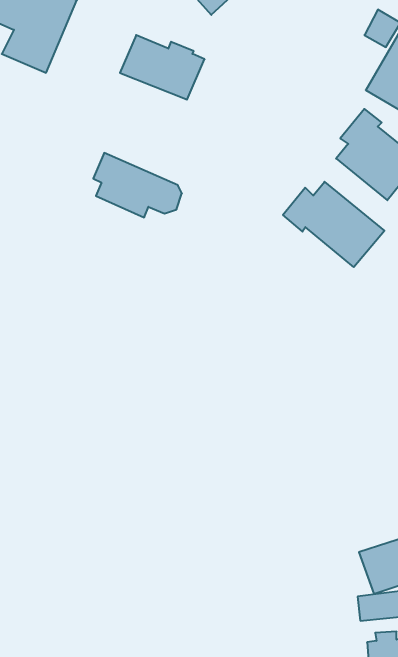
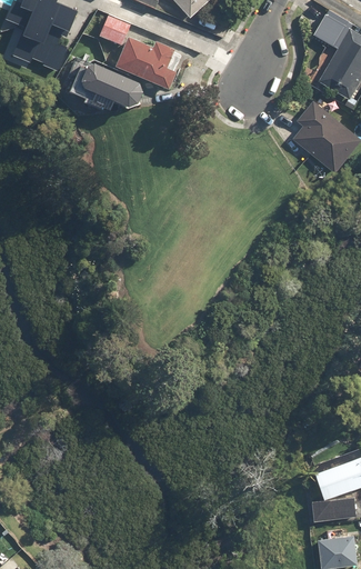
building: none -> [98,14,130,47]
building: [93,153,182,217] -> [68,53,141,107]
building: [283,182,384,267] -> none

